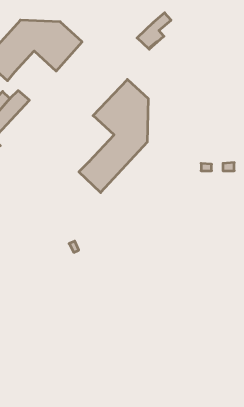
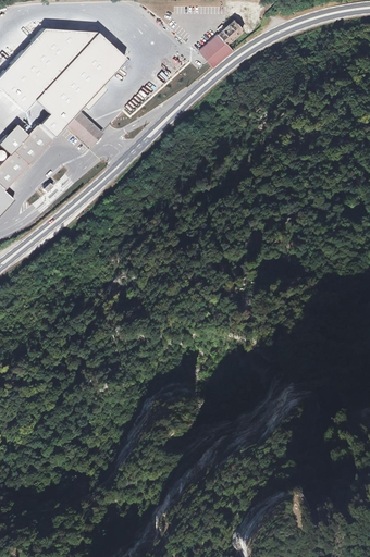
building: none -> [34,71,102,147]
building: [79,79,148,193] -> none

